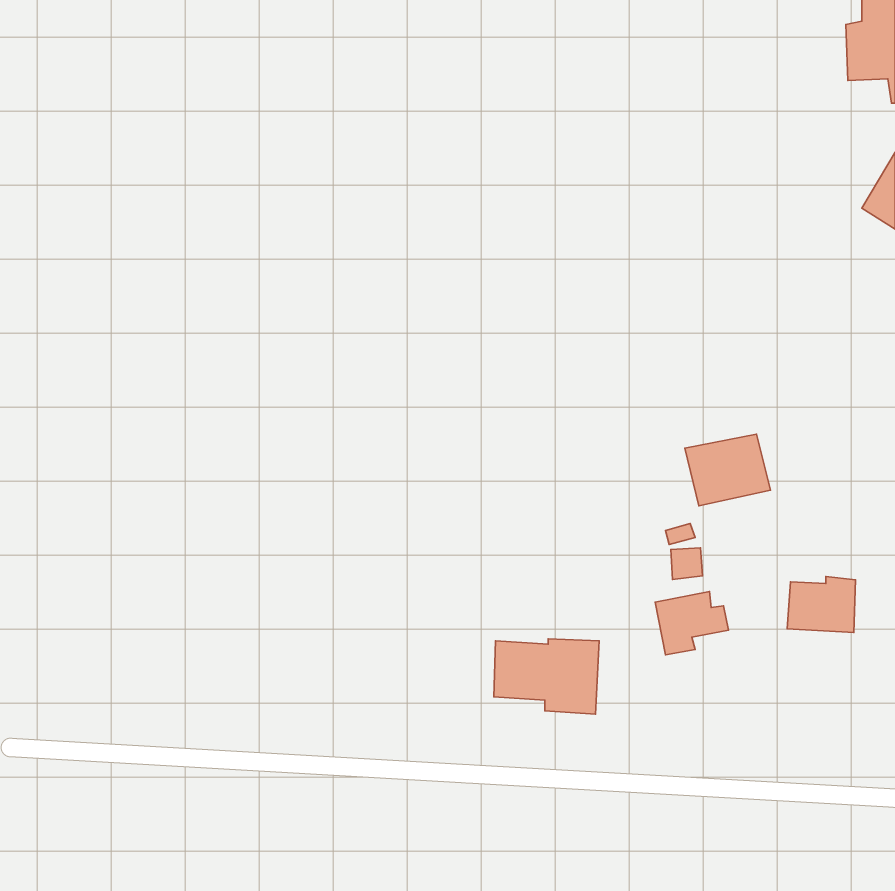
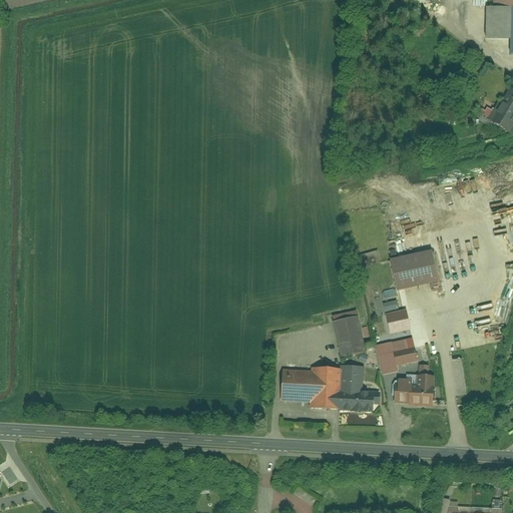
building: none -> [330,311,365,357]
building: [787,576,855,632] -> [397,374,436,406]
building: none -> [341,364,381,411]

